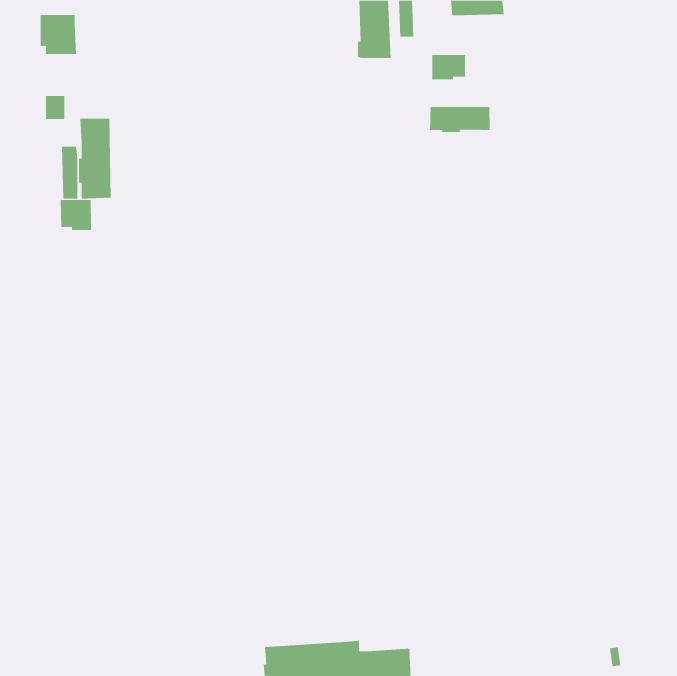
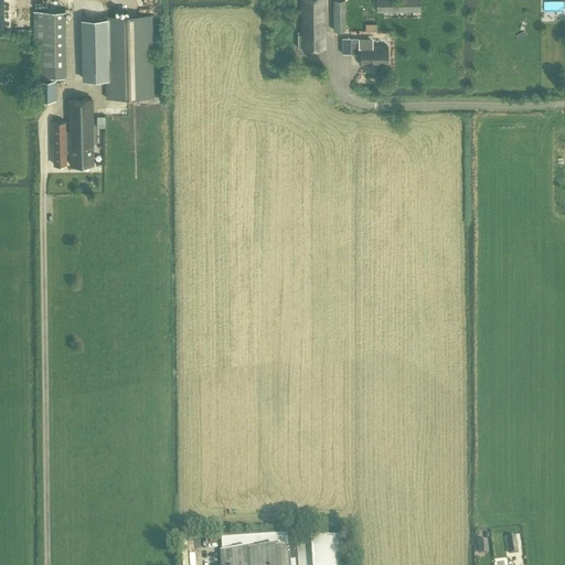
building: none -> [79,18,152,102]
building: none -> [38,47,64,79]
building: [430,106,490,133] -> none
building: [60,199,92,231] -> none

